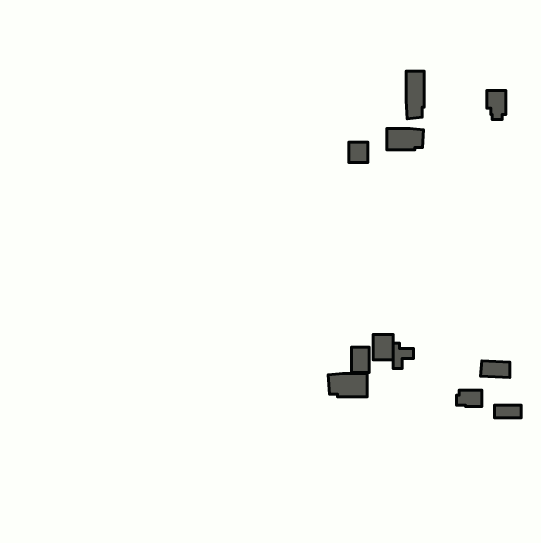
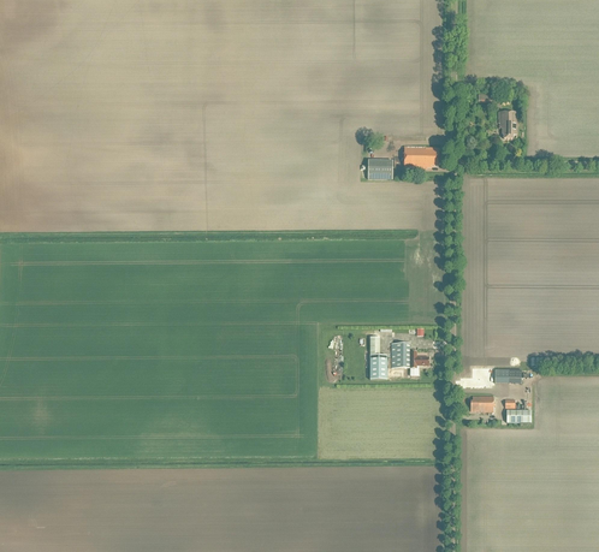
building: [406,71,424,119] -> none
building: [328,374,367,397] -> none

